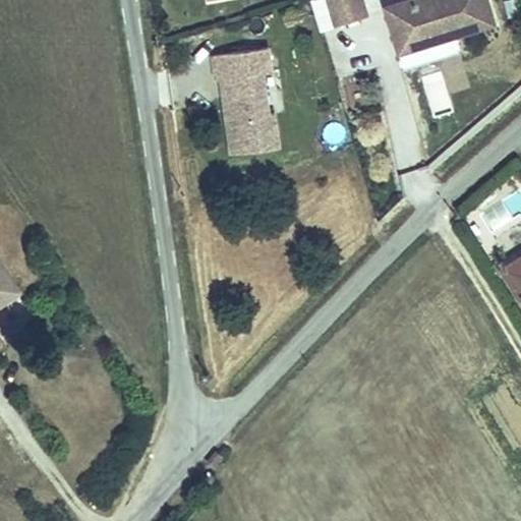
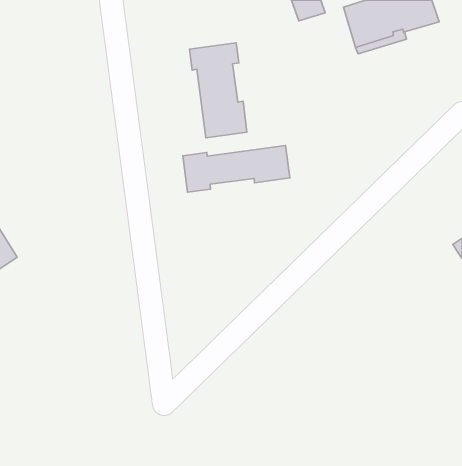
building: none -> [183,146,290,192]

